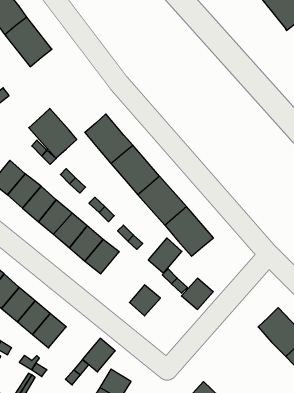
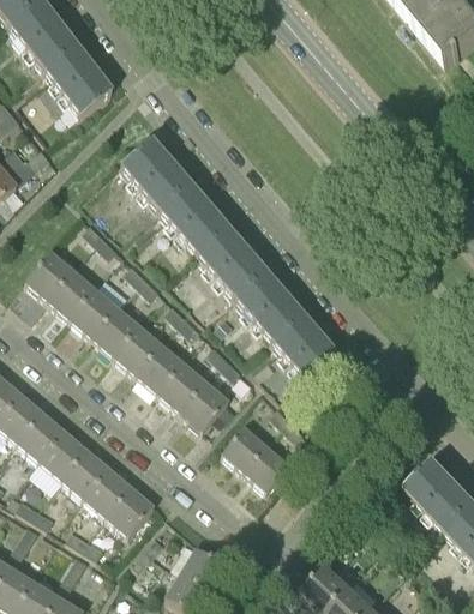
building: [29,108,77,158] -> [120,140,188,211]
building: [148,238,182,273] -> [181,381,229,432]
building: [181,278,213,309] -> [244,447,289,492]
building: [82,338,115,372] -> [107,488,154,536]

